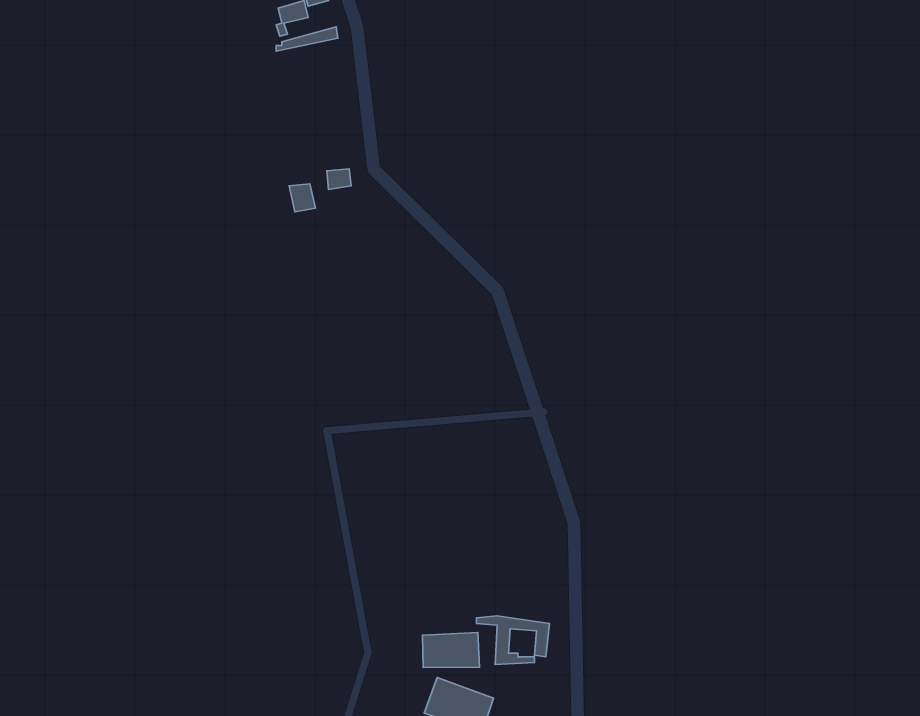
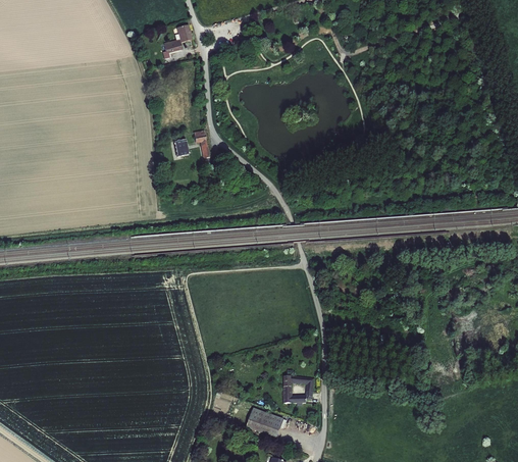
building: [423,633,479,668] -> none

